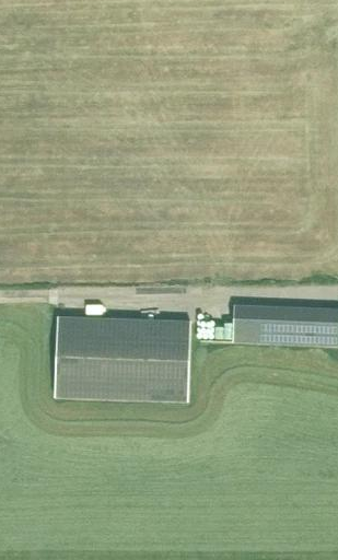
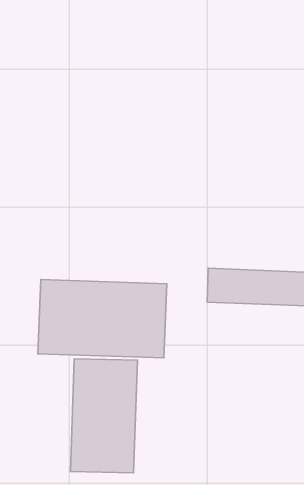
building: none -> [71,359,137,473]

